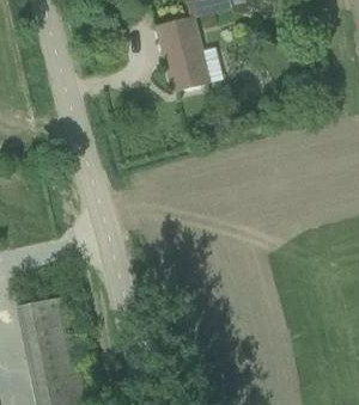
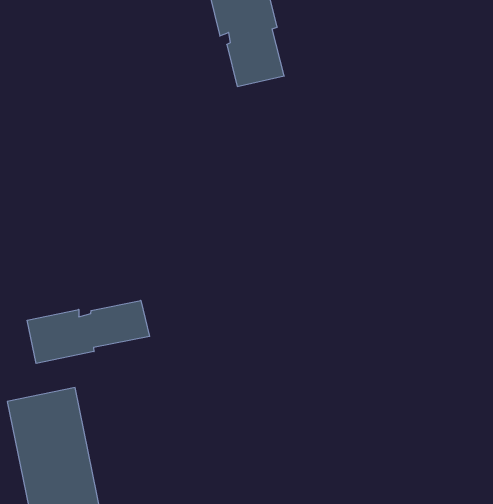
building: none -> [27,300,150,363]

